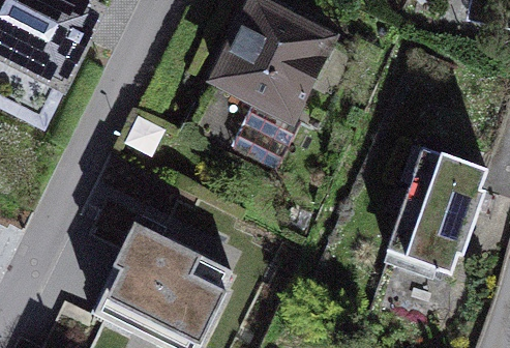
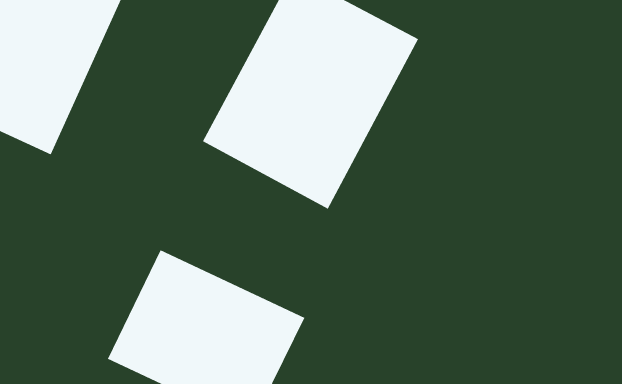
building: [370,143,498,290] -> none

